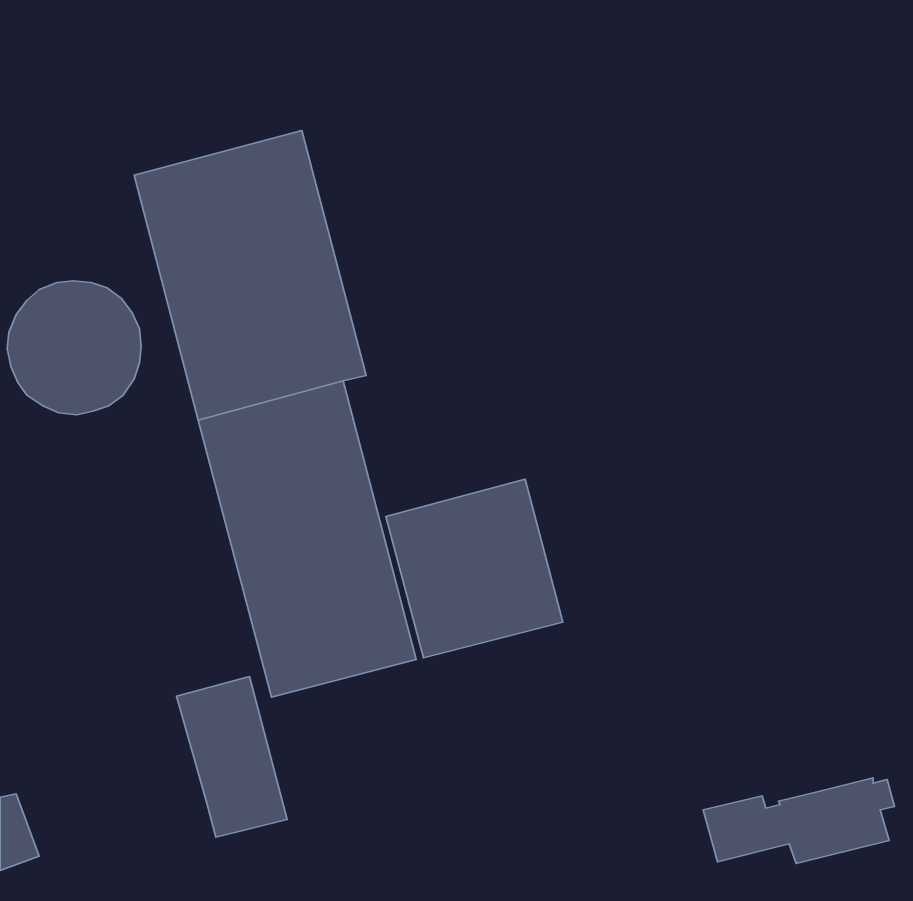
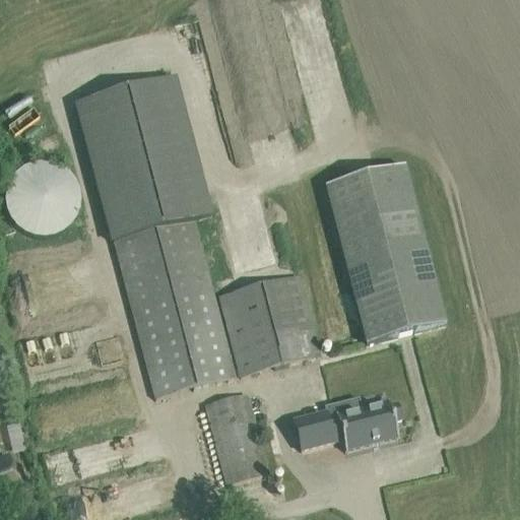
building: none -> [324,162,447,341]
building: [176,676,287,837] -> [205,391,268,482]
building: [703,778,894,864] -> [292,399,401,448]

